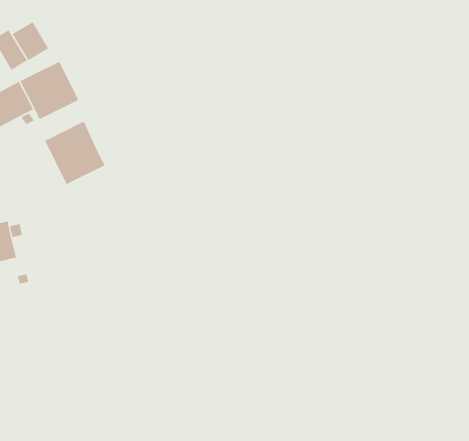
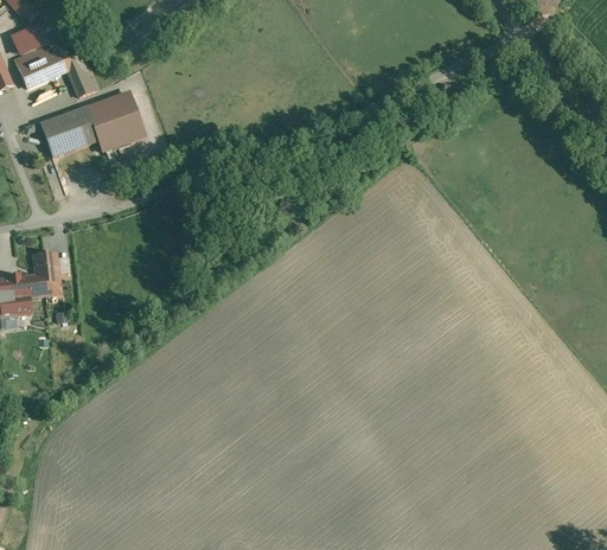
building: [12,21,49,61] -> none
building: [44,121,106,185] -> none

